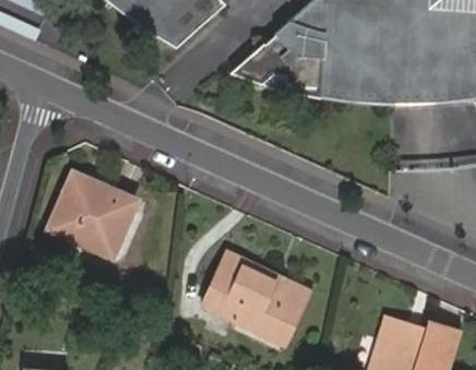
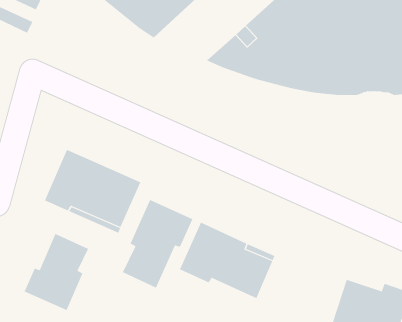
building: none -> [122,199,193,289]
building: none -> [24,233,89,311]

